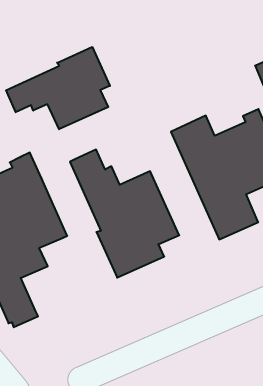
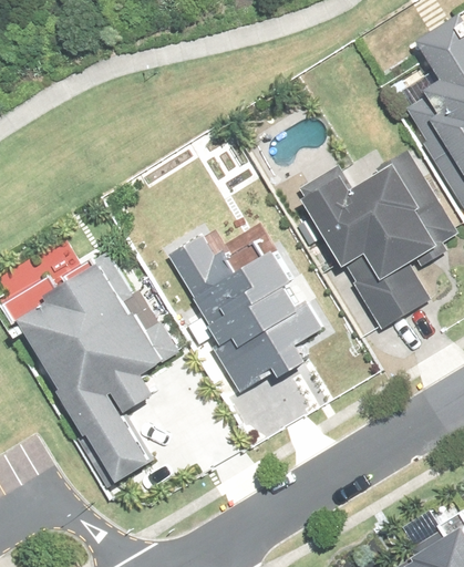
building: [6,47,110,129] -> none

